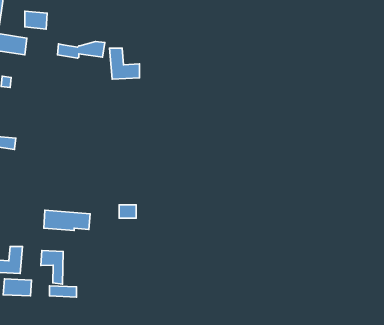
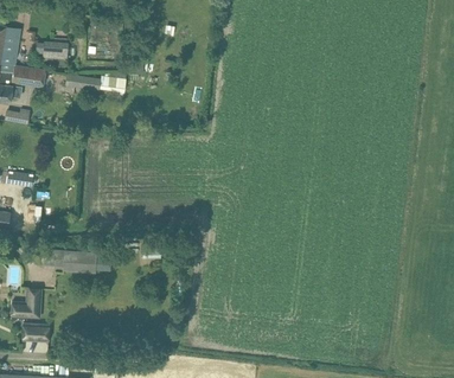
building: [109,48,140,79] -> none
building: [41,250,63,284] -> none

